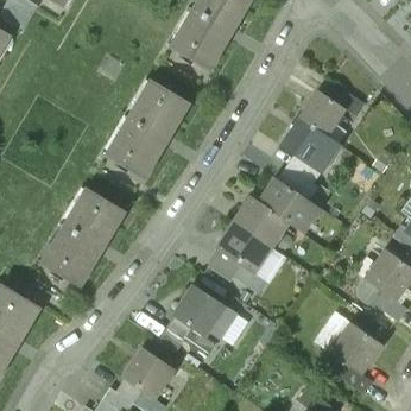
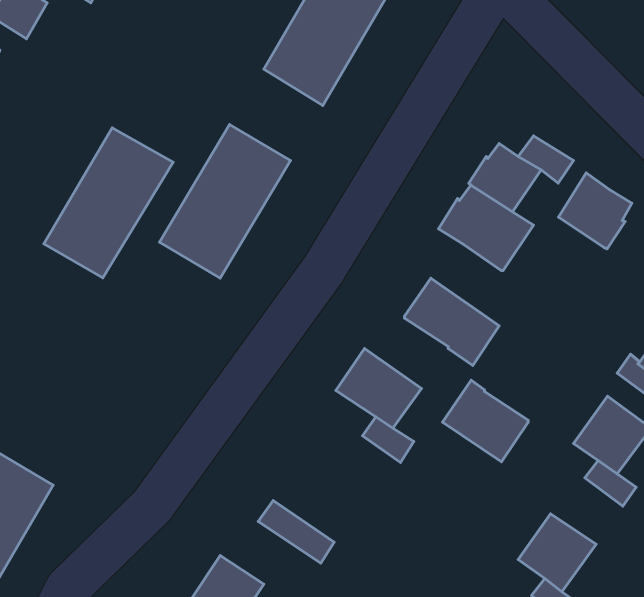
building: none -> [559,173,632,249]
building: [279,157,320,200] -> none
building: [42,192,122,286] -> [44,128,173,278]
building: [233,196,286,247] -> [443,380,528,462]
building: [177,289,236,340] -> none

